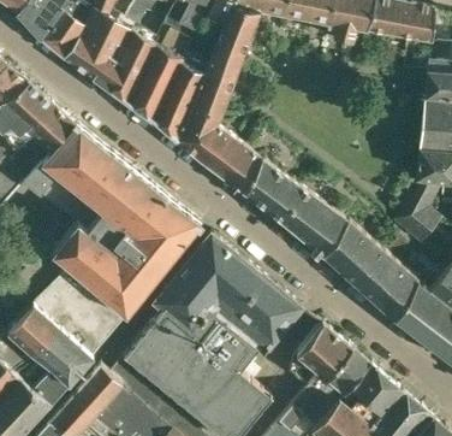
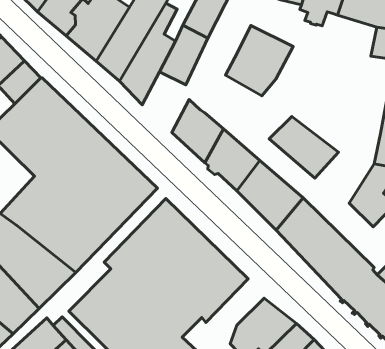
building: none -> [226,26,293,96]
building: [178,107,225,167] -> none
building: none -> [269,116,338,178]

